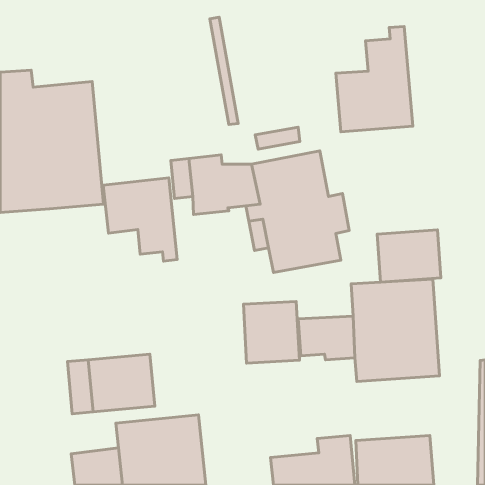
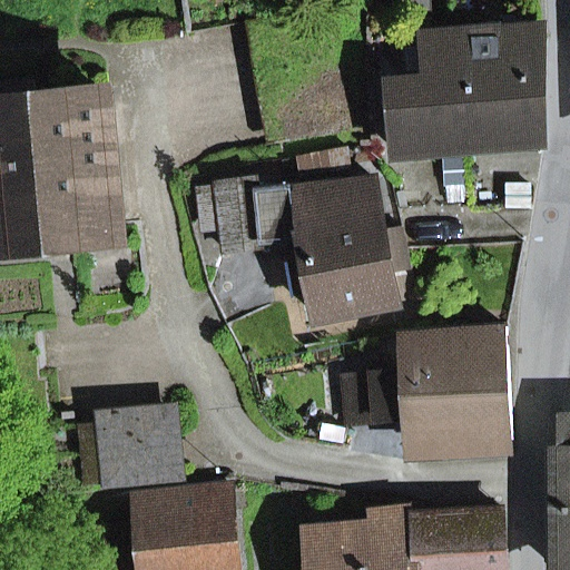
building: none -> [474,29,543,148]
building: [103,178,177,261] -> none
building: [377,230,441,282] -> none
building: [243,301,299,363] -> none

